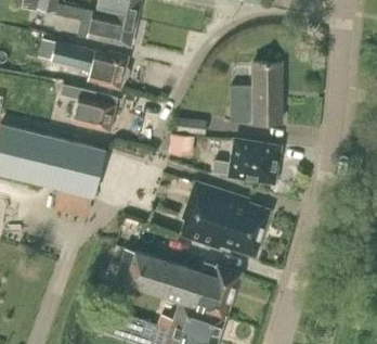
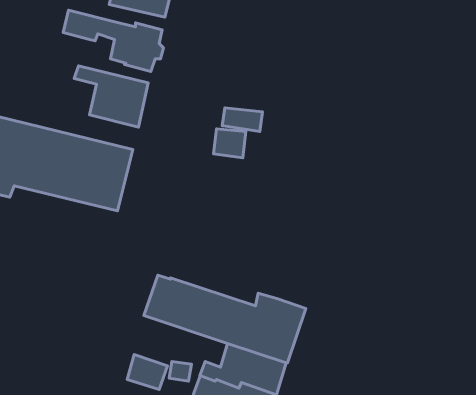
building: [231,63,282,124] -> none
building: [213,141,280,183] -> none
building: [180,182,272,258] -> none

